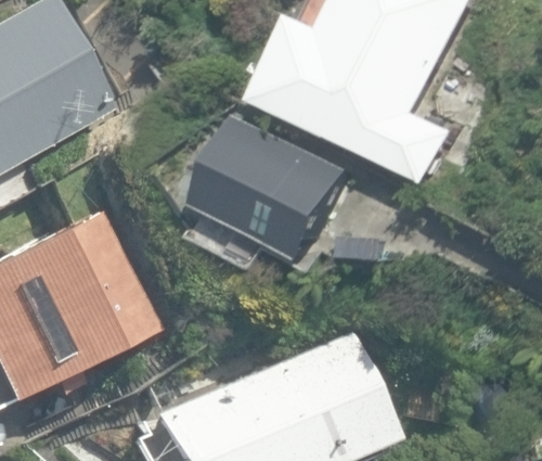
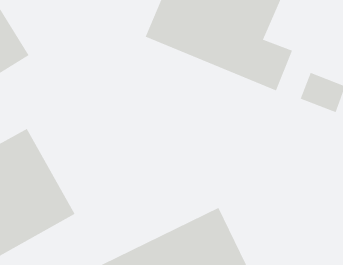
building: [189,119,347,265] -> none

